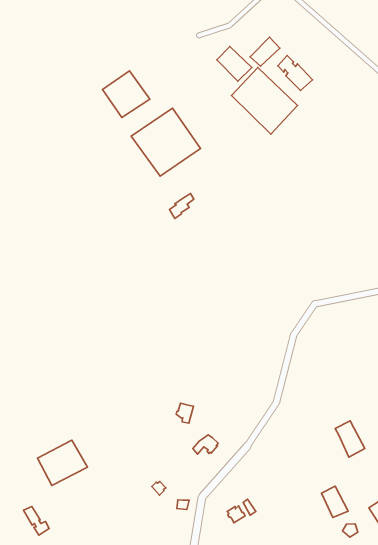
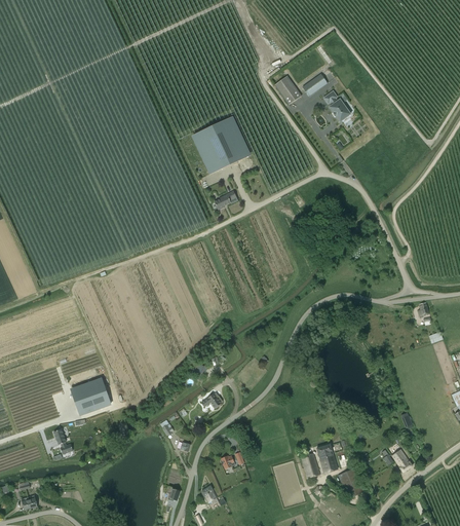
building: [231,68,298,134] -> none
building: [102,71,150,117] -> none
building: [335,421,365,457] -> [316,444,338,474]

